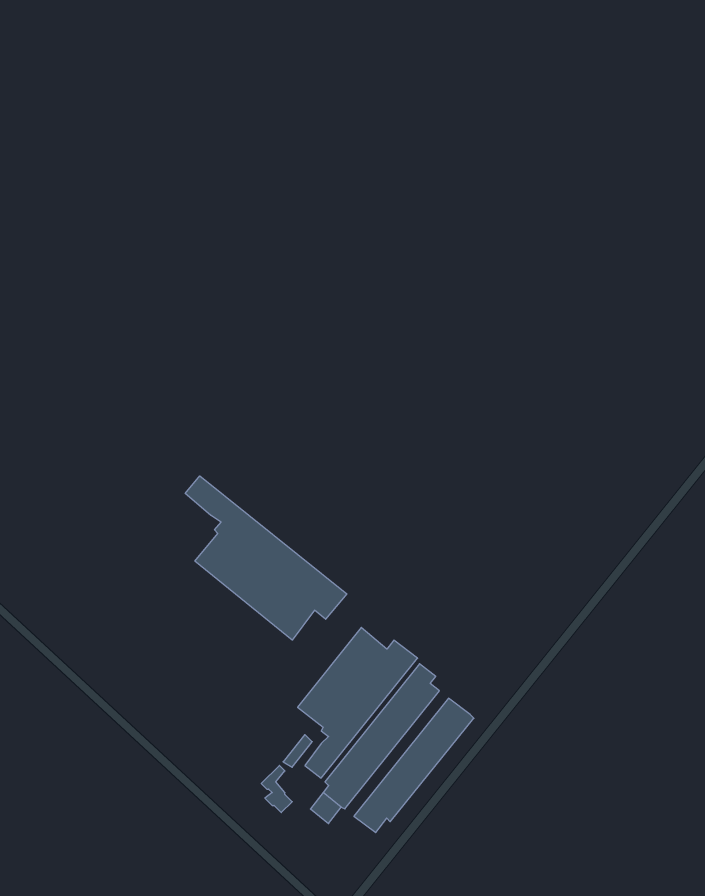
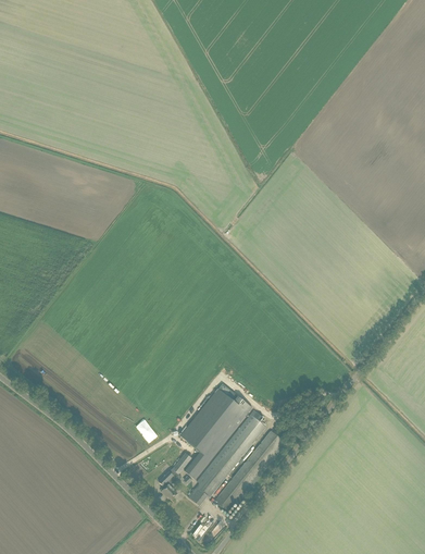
building: [185,476,347,640] -> none

